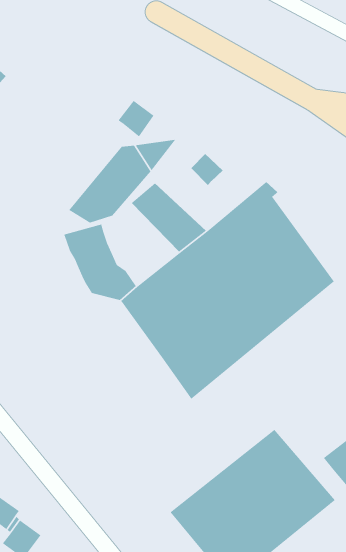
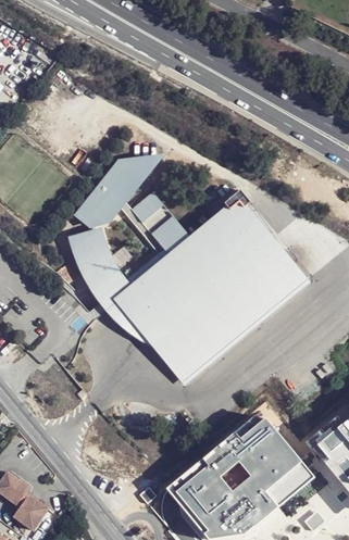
building: [118,100,154,137] -> none
building: [190,153,223,186] -> none
building: none -> [92,291,155,349]

